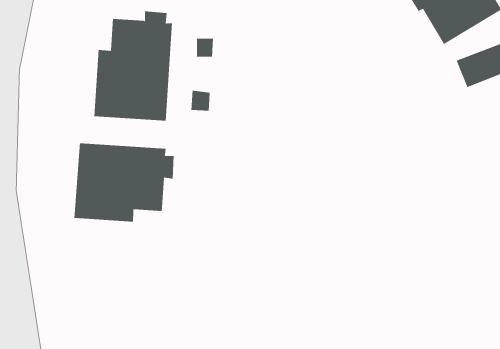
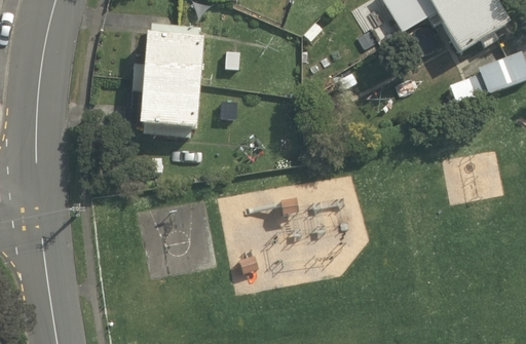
building: [74,142,174,223] -> none

